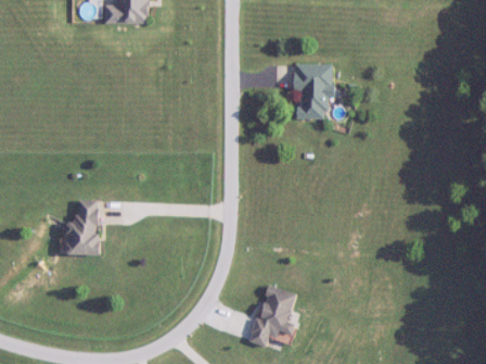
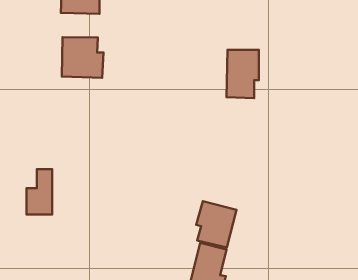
building: none -> [62,37,103,78]
building: none -> [196,201,236,247]

